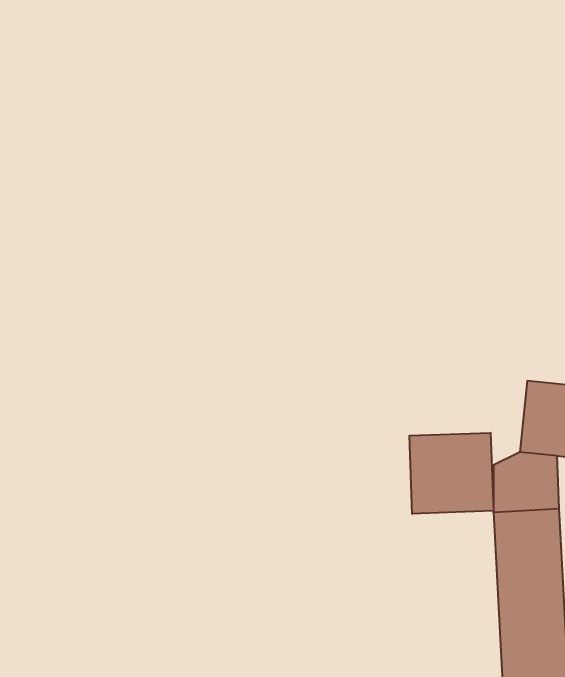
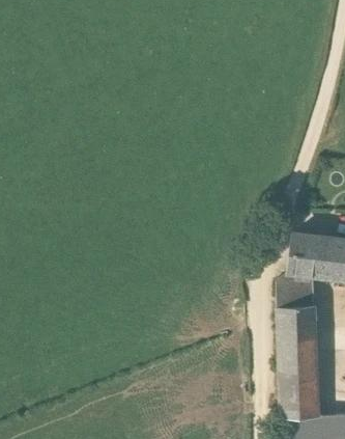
building: [409,433,493,514] -> none

